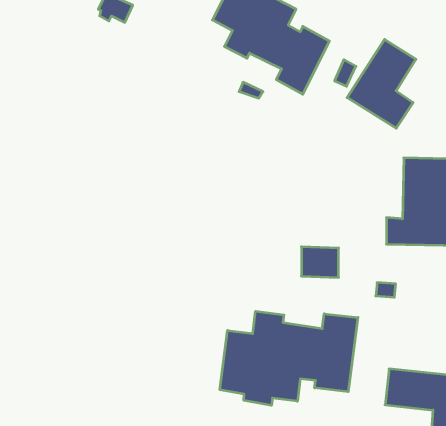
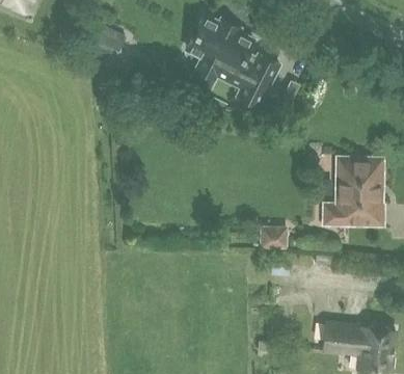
building: [347,39,416,128] -> none
building: [220,311,358,405] -> none

